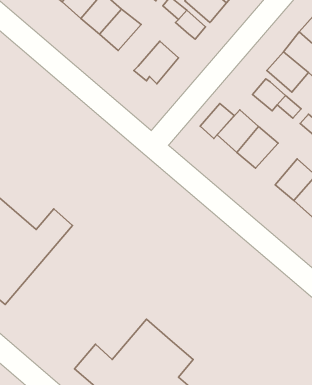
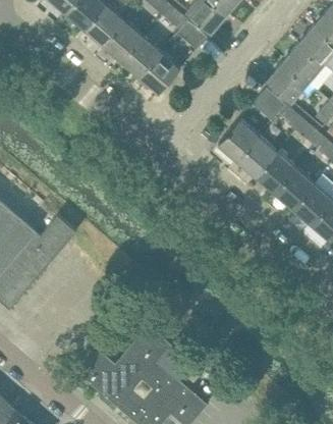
building: none -> [121,35,162,75]
building: [200,104,234,138] -> none
building: none -> [256,151,296,192]

